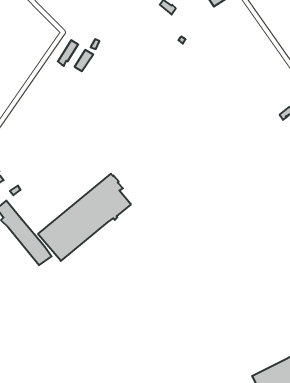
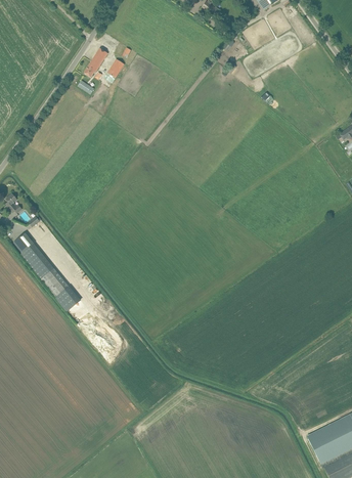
building: [38,174,131,261] -> none

